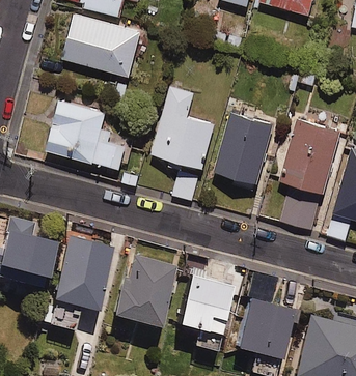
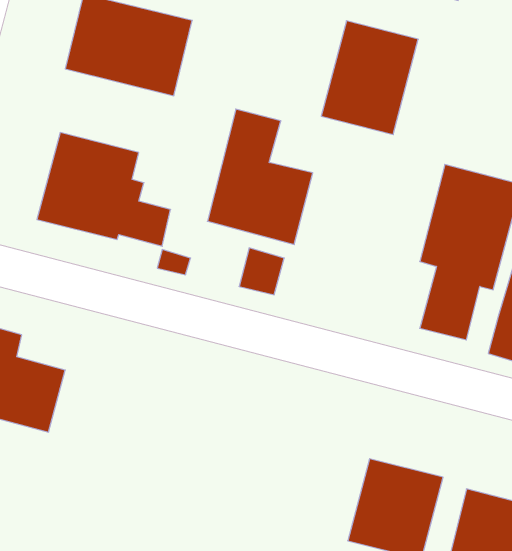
building: [215,113,275,183] -> [321,21,418,135]
building: [54,237,116,315] -> none
building: [114,257,179,331] -> none
building: [179,278,235,340] -> none

